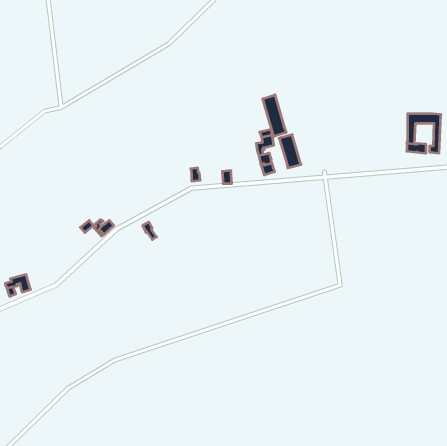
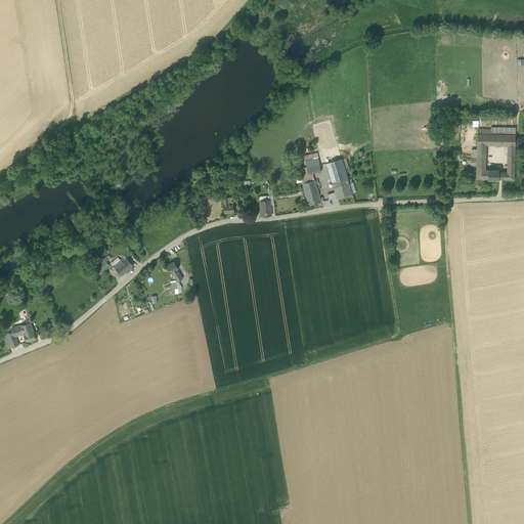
building: [263,95,286,137] -> none

